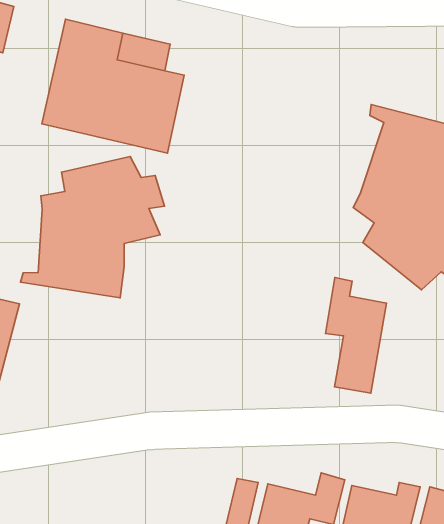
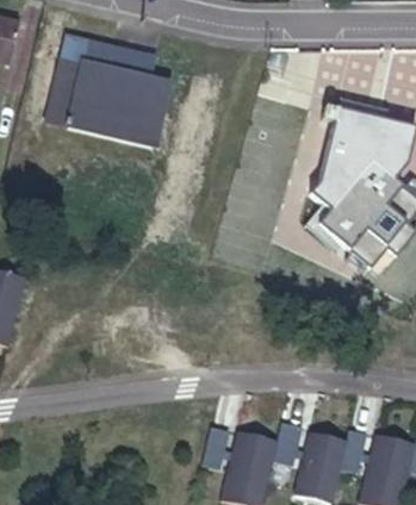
building: [21,156,165,298] -> none
building: [325,277,387,393] -> none

